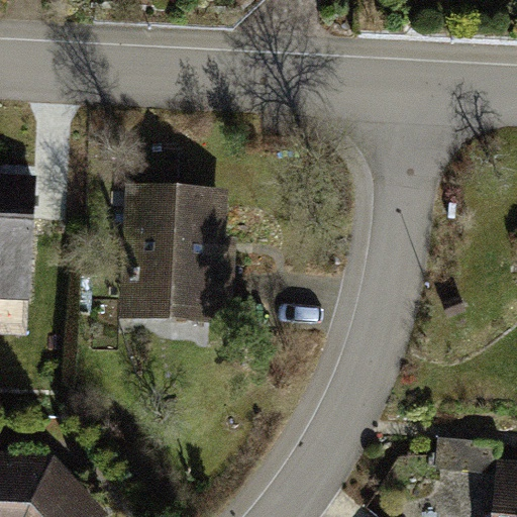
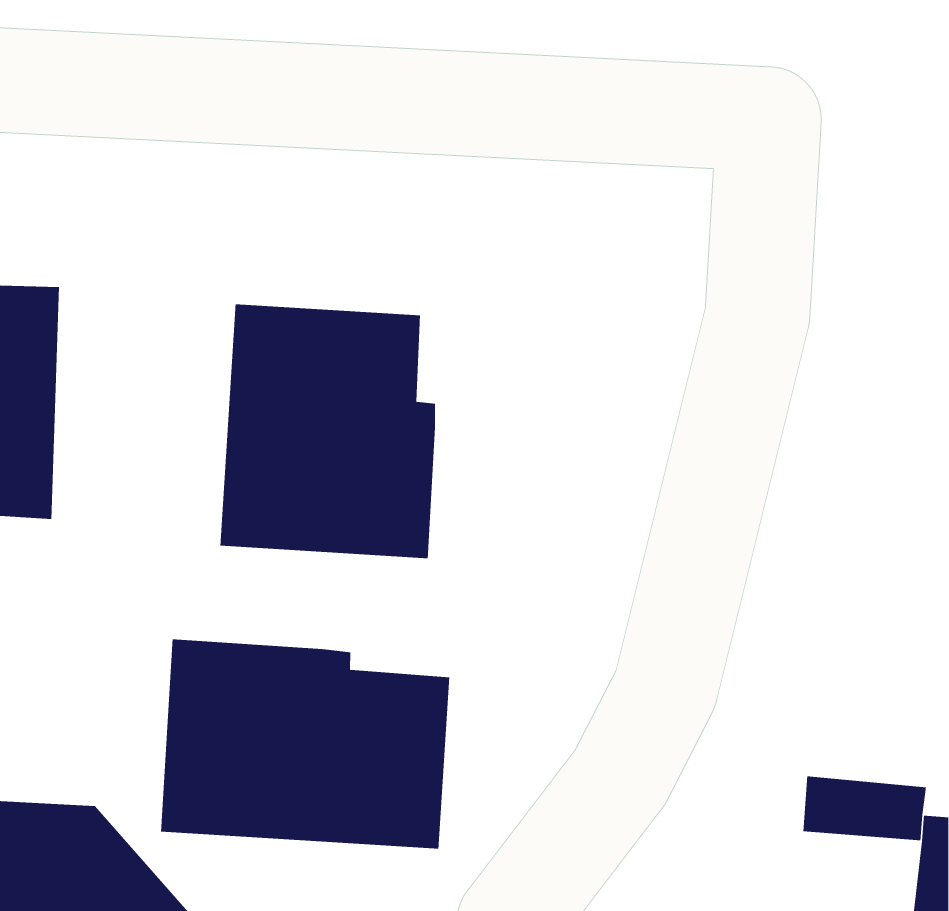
building: none -> [160,639,450,849]

